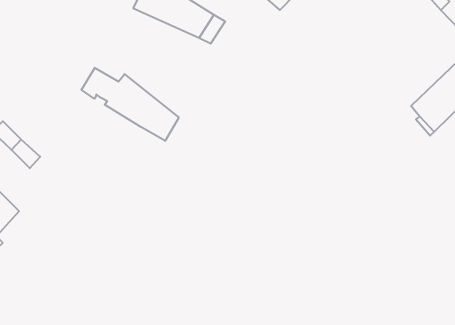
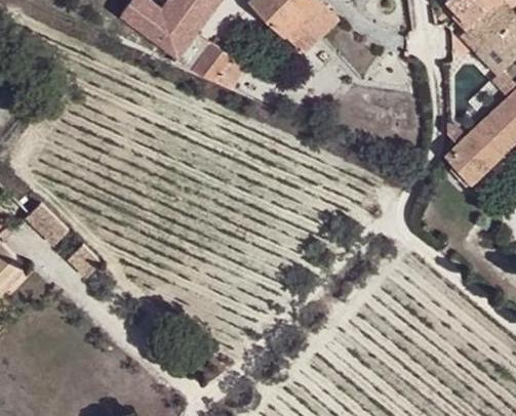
building: [81,68,179,141] -> none

